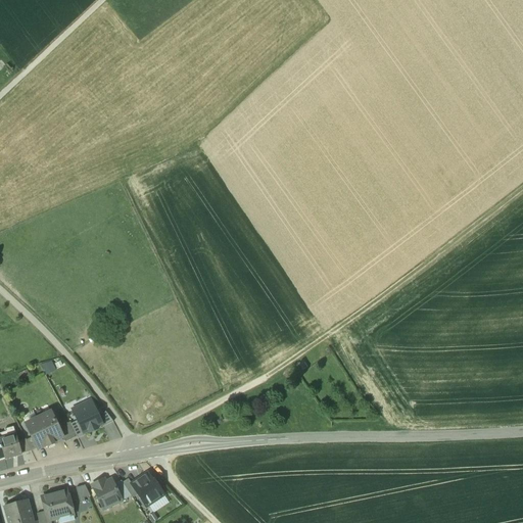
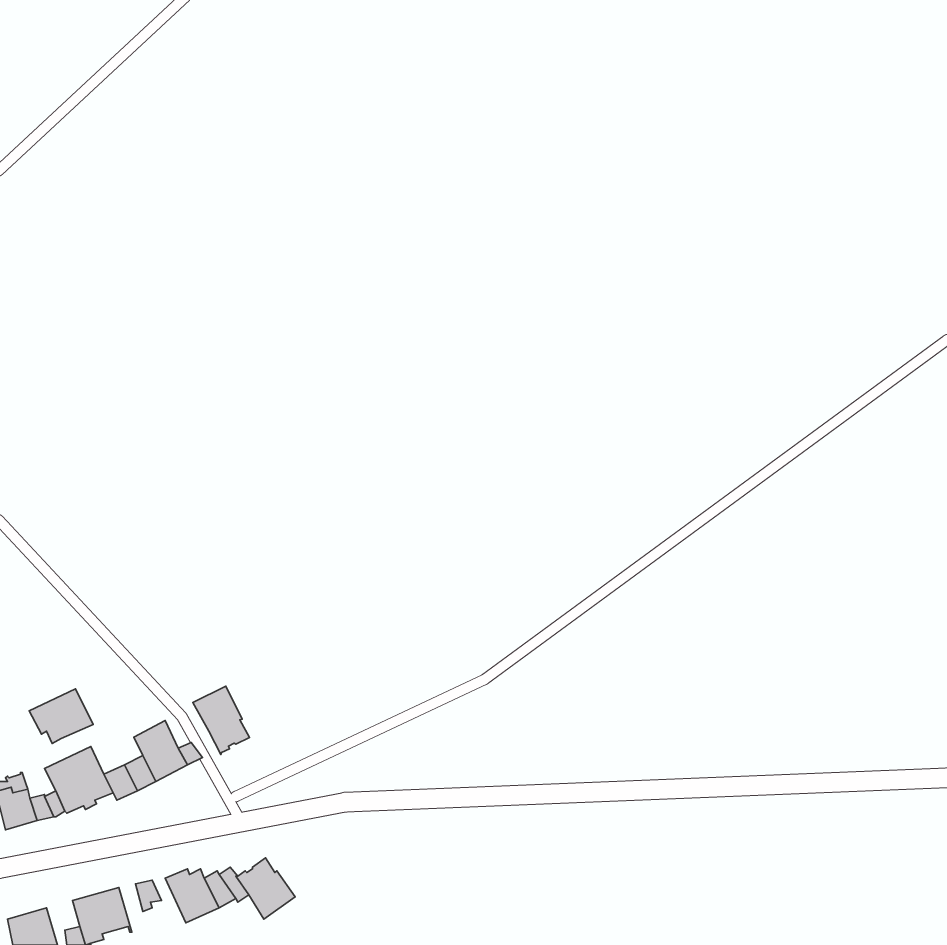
building: none -> [193,686,250,754]
building: none -> [29,689,93,743]

